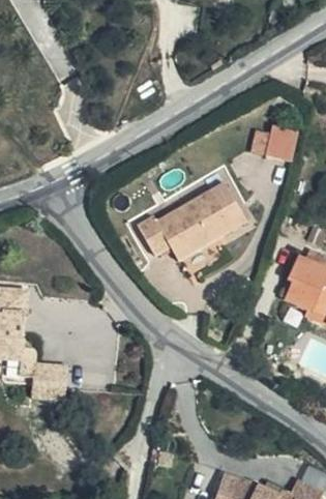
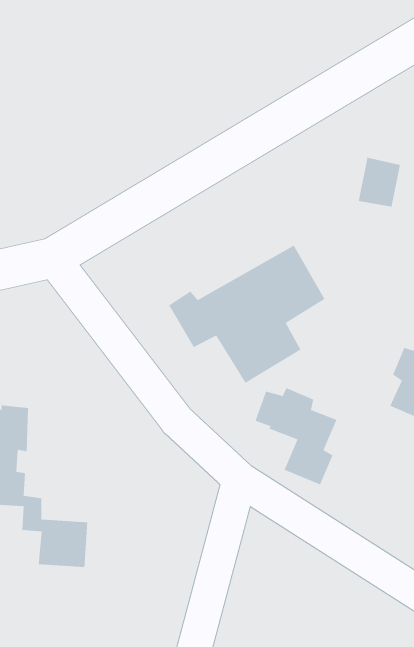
building: none -> [255,387,337,486]

